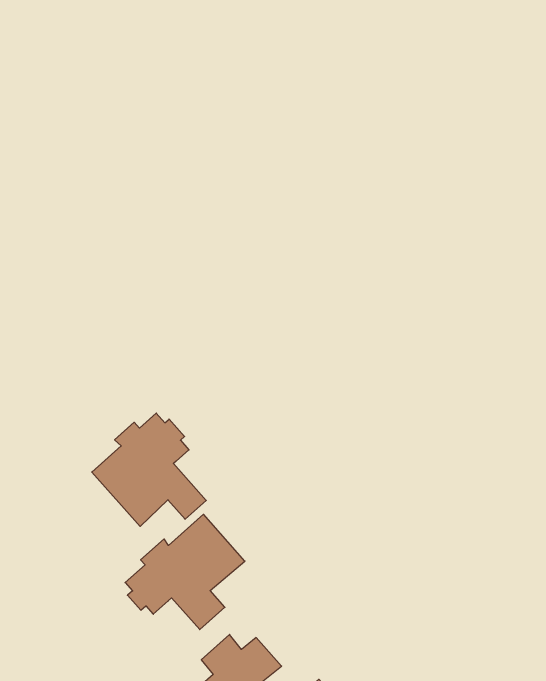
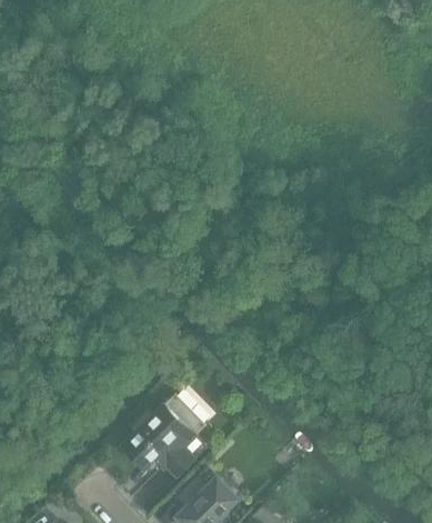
building: [92,413,206,526] -> none

